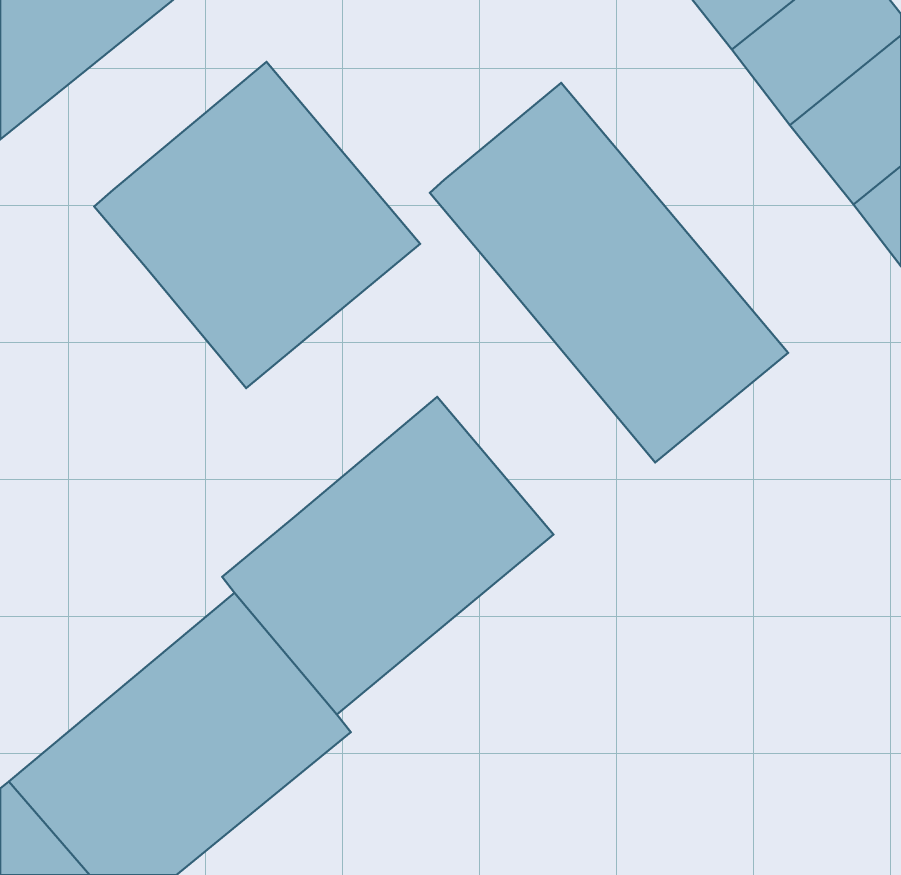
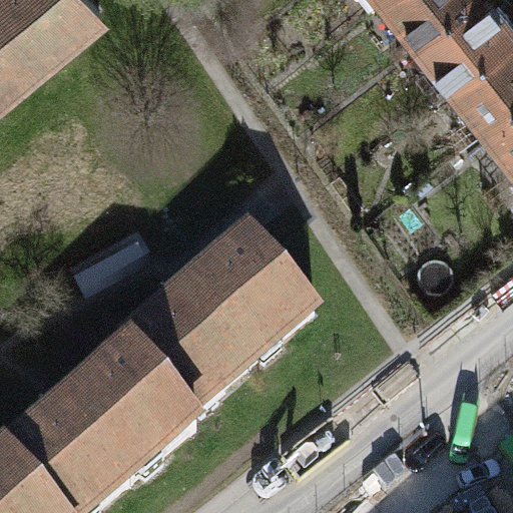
building: [94,62,420,388] -> none
building: [430,83,788,462] -> none

